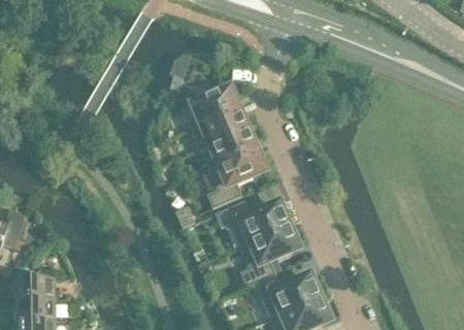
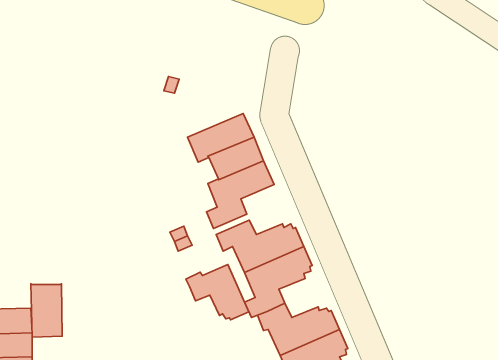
building: [181,86,239,128] -> none
building: none -> [186,264,249,320]
building: none -> [31,284,62,337]

